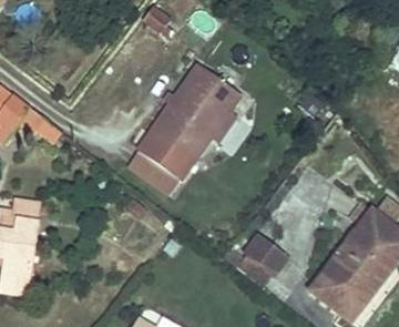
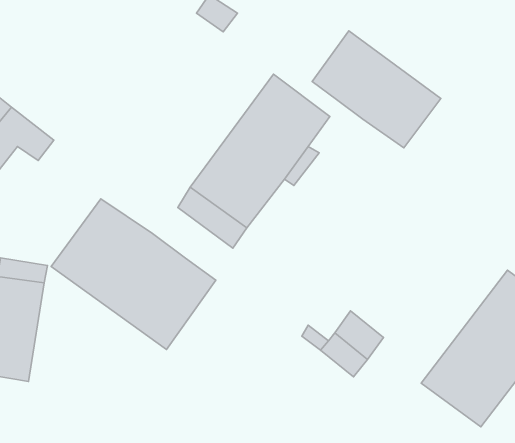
building: none -> [312,31,441,148]
building: none -> [51,199,216,349]

